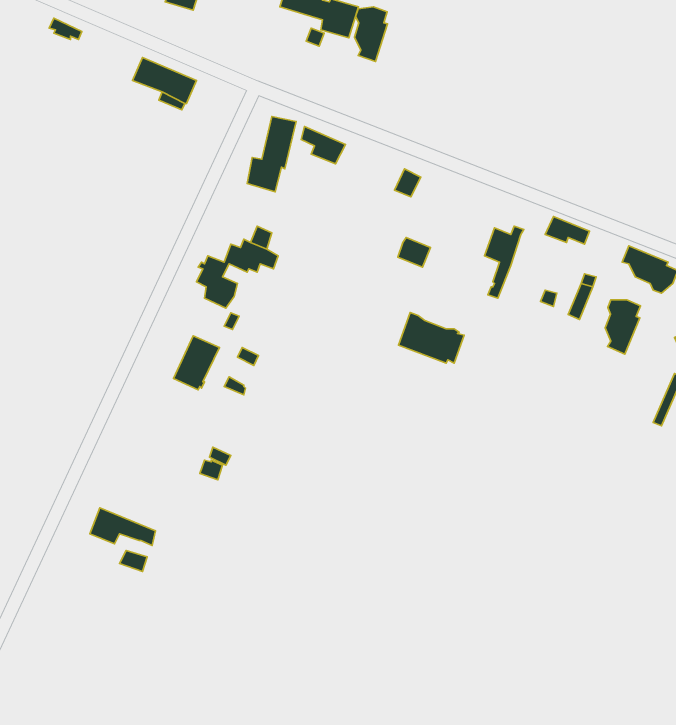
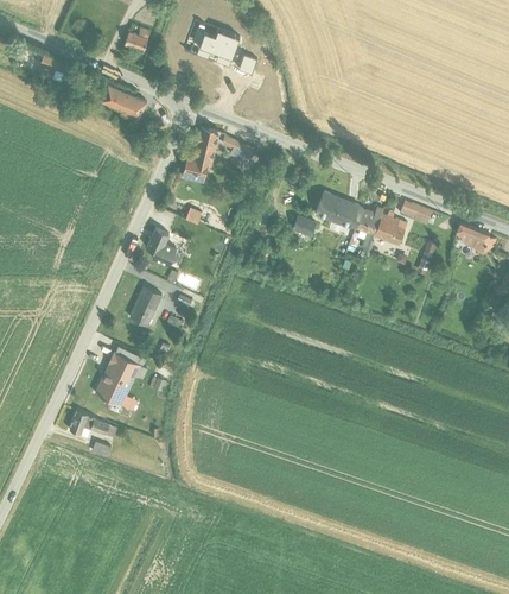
building: [355,7,387,61] -> none
building: none -> [374,211,405,244]
building: [605,300,640,354] -> none
building: [399,312,464,363] -> [314,190,362,227]
building: none -> [94,345,145,409]

